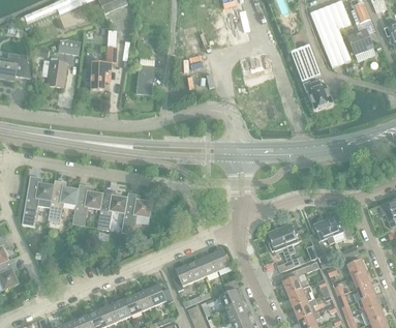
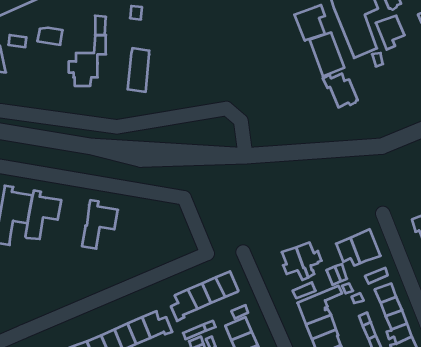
building: none -> [294,5,325,41]
building: [45,60,65,87] -> none
building: [71,183,101,226] -> none
building: [120,191,151,234] -> none

